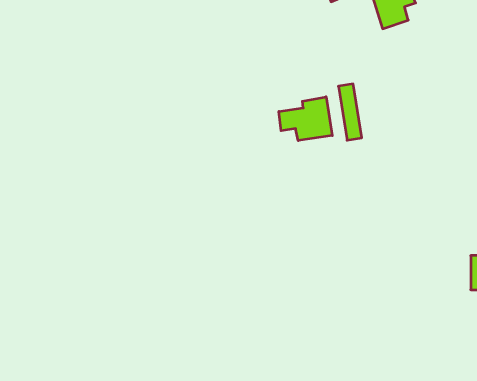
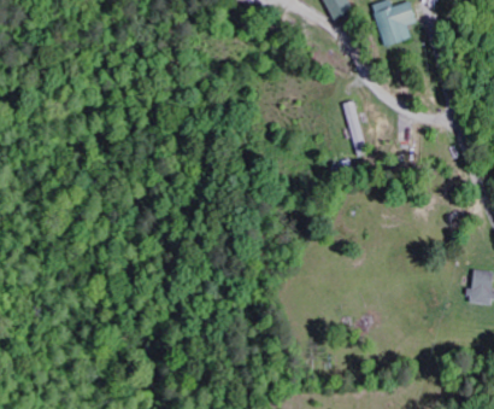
building: [279,97,332,141] -> none

